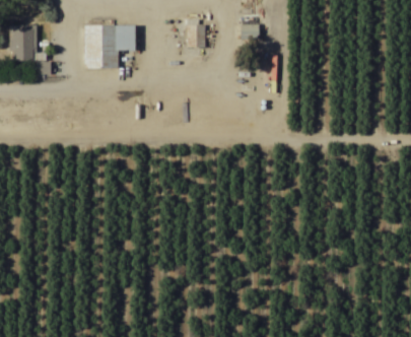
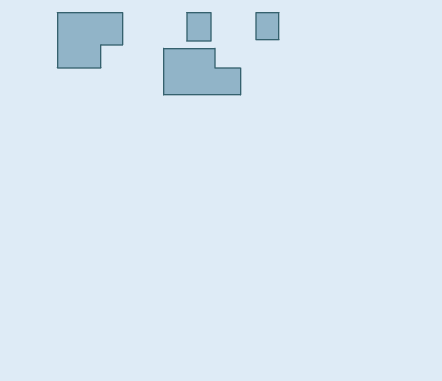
building: none -> [164,48,240,95]

